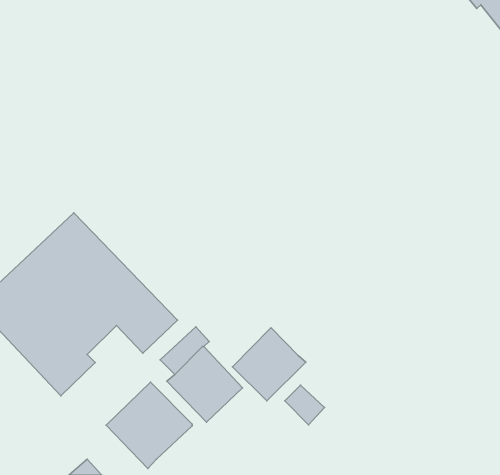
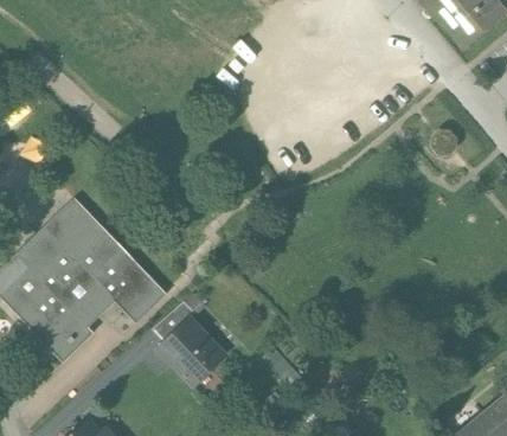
building: [233,328,306,401] -> none
building: [106,382,192,469] -> none

